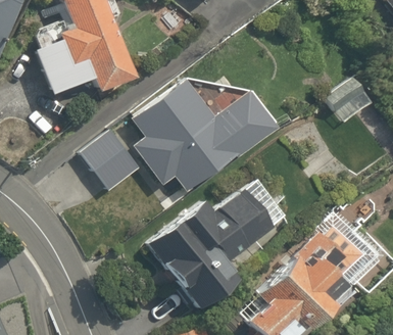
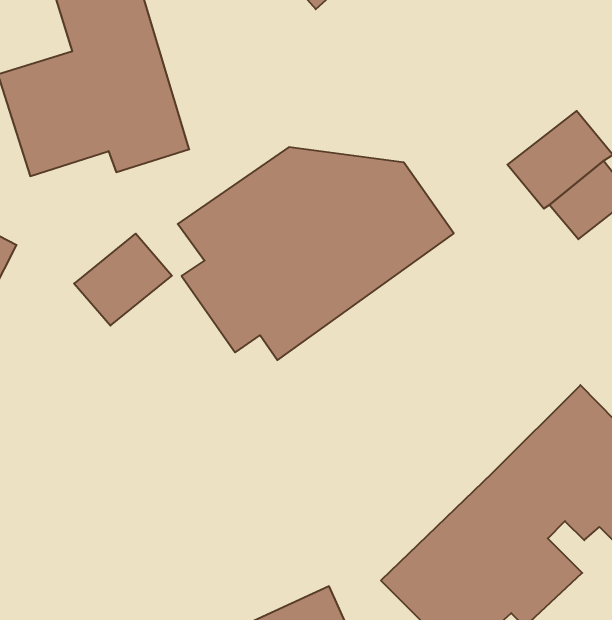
building: [146,179,285,308] -> none

